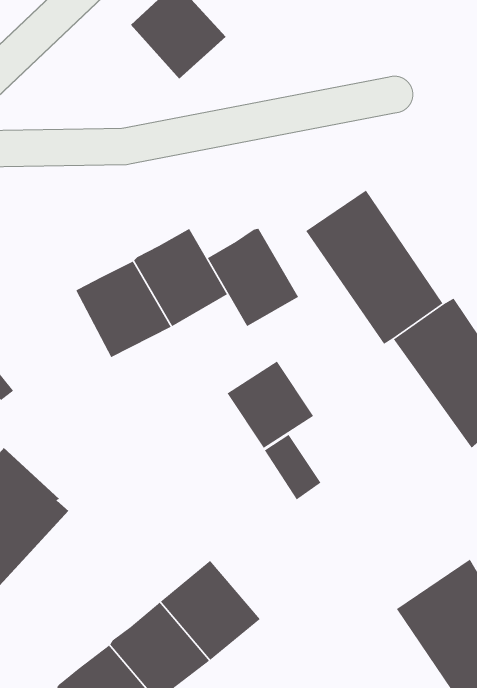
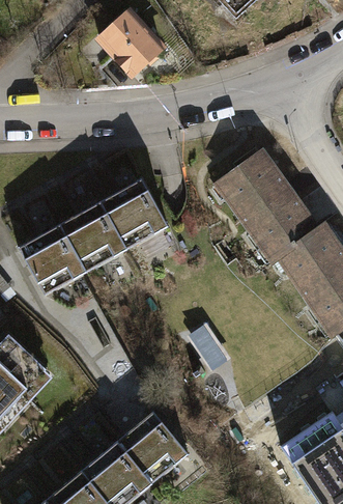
building: [207,228,299,327] -> none
building: none -> [20,223,83,293]
building: [227,361,314,449] -> none

